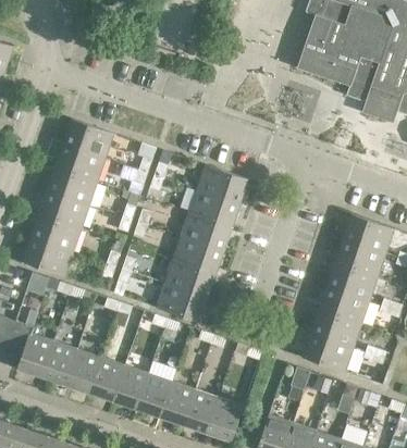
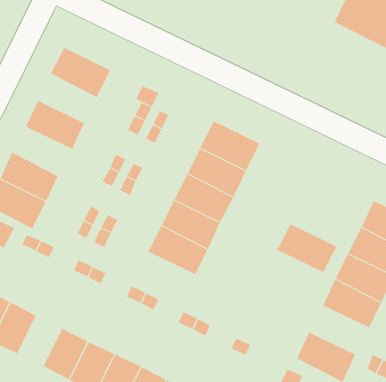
building: [54,142,104,181] -> none
building: [38,190,89,228] -> none
building: [157,283,208,322] -> none
building: [310,309,361,347] -> [276,224,337,273]
building: [65,349,100,391] -> none

